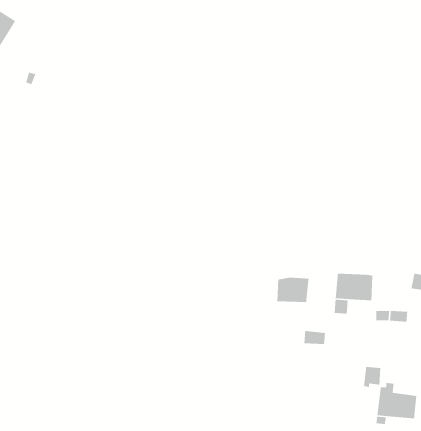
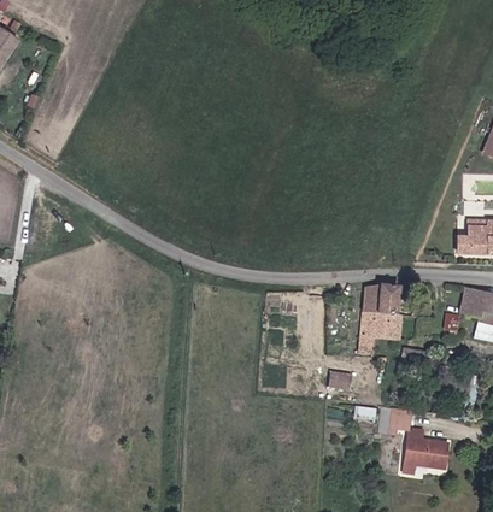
building: [276,277,310,303] -> [363,283,399,311]

